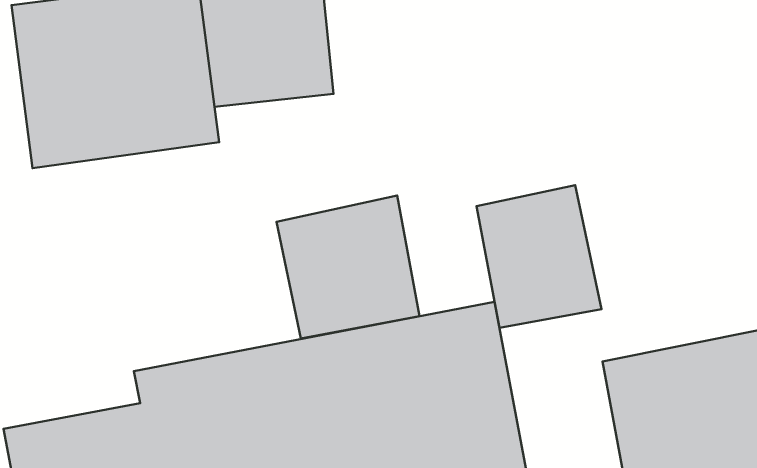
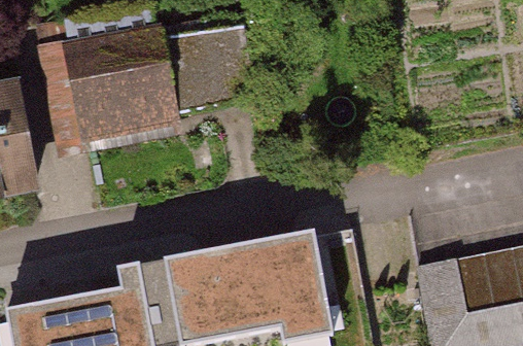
building: [477,185,602,328] -> none
building: [277,196,419,338] -> none

